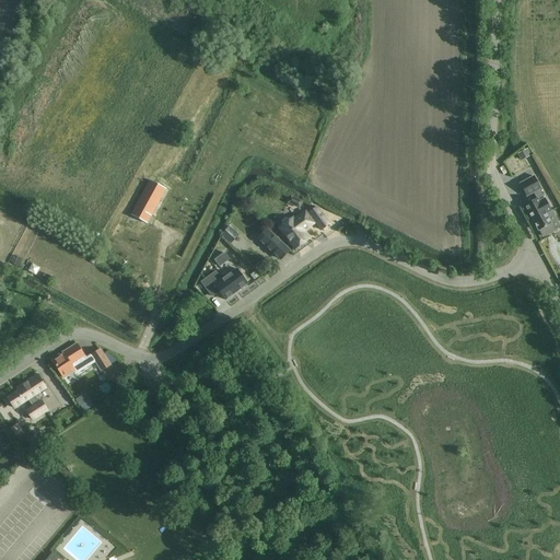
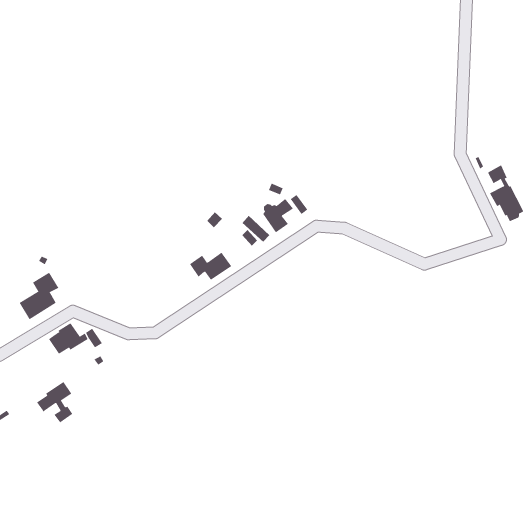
building: [129,179,165,222] -> none
building: none -> [19,272,59,320]
building: [7,374,46,419] -> [36,381,73,423]

